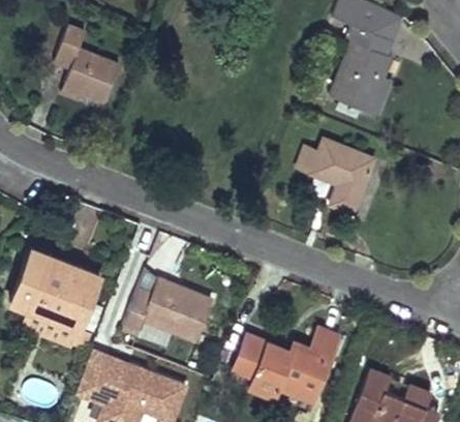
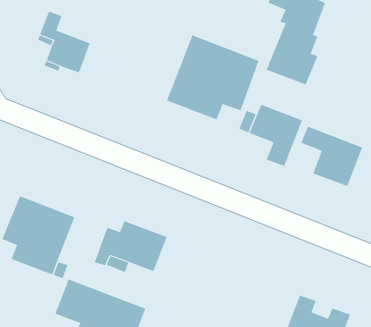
building: none -> [166,35,259,120]
building: none -> [300,126,363,187]
building: [234,328,338,401] -> none

